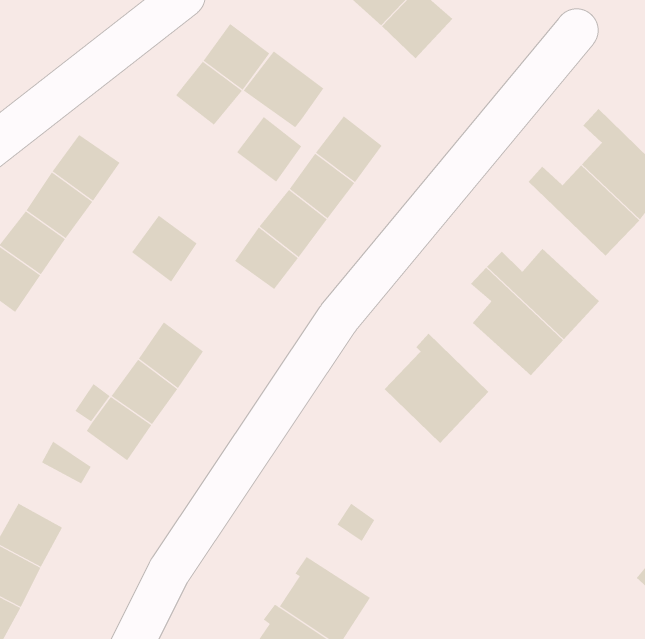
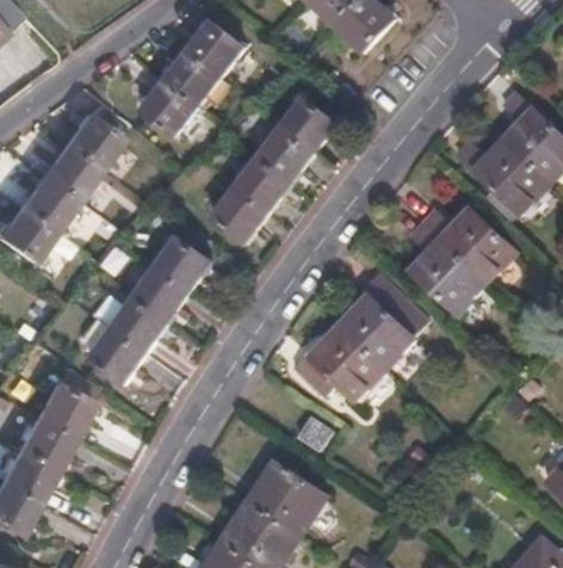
building: [243,50,324,128] -> none
building: [236,116,302,183] -> [142,81,197,136]
building: [131,215,197,282] -> [155,237,210,294]
building: none -> [291,325,384,400]
building: none -> [35,385,89,439]

